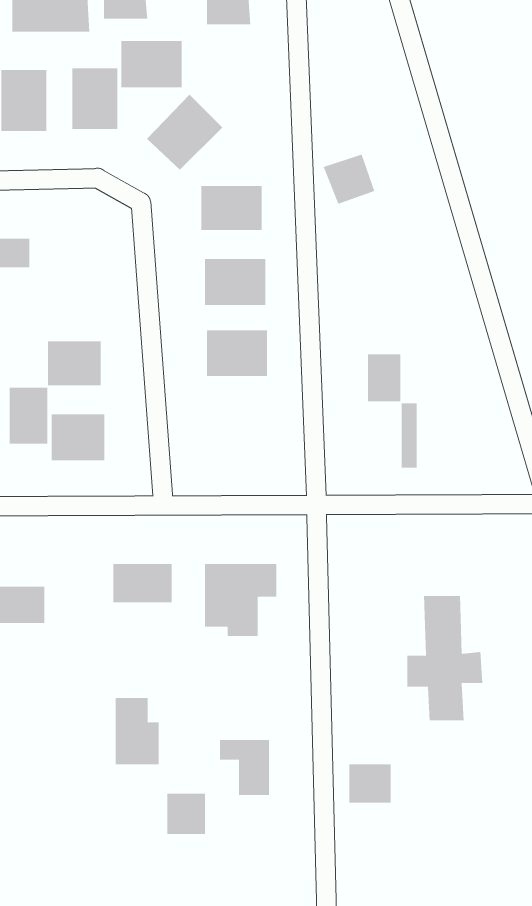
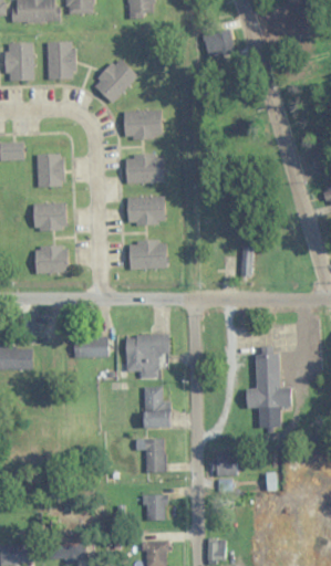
building: [121,40,182,88] -> none
building: [323,154,375,204] -> [204,28,235,57]
building: none -> [37,154,63,187]
building: [368,354,401,402] -> none
building: [9,387,48,445] -> none
building: none -> [130,242,166,269]
building: [115,698,160,765] -> [144,387,170,427]
building: [166,793,206,834] -> [143,495,166,520]

